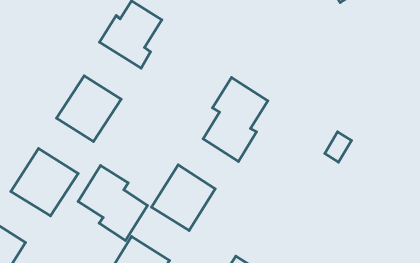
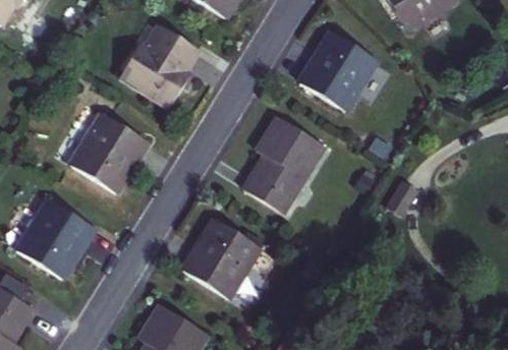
building: none -> [299,31,377,110]
building: [78,165,148,240] -> none

